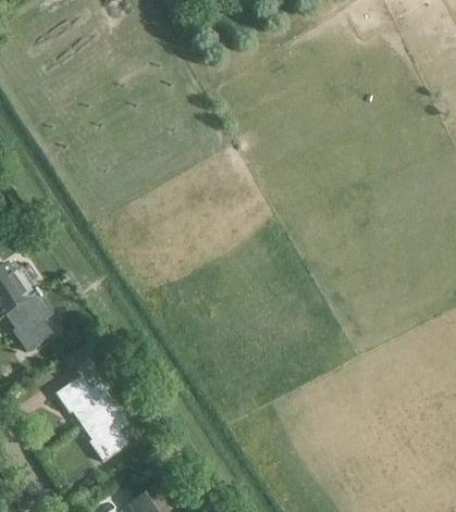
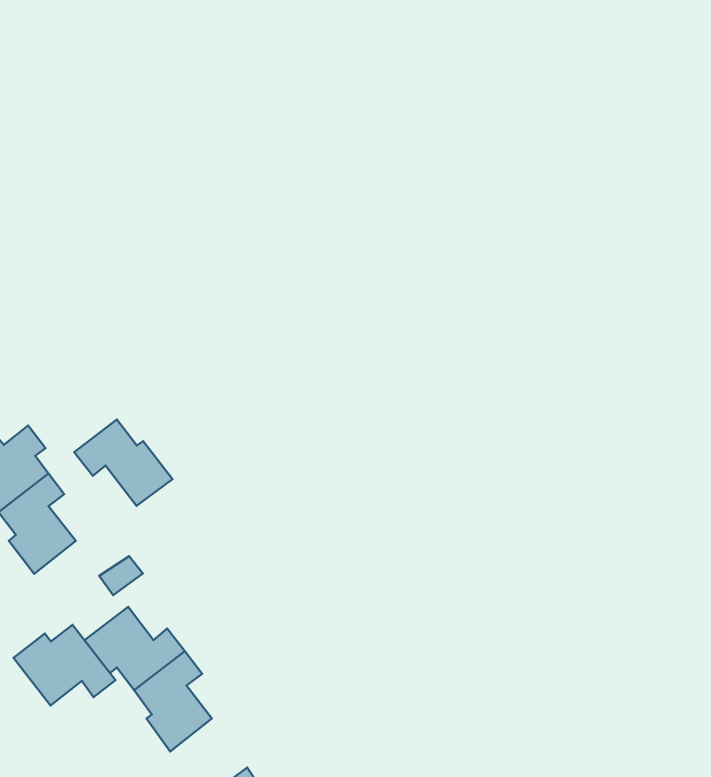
building: none -> [74,419,172,506]
building: none -> [13,625,115,705]

